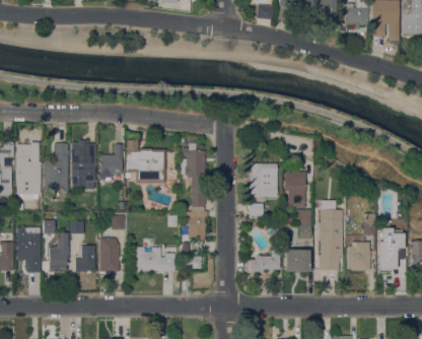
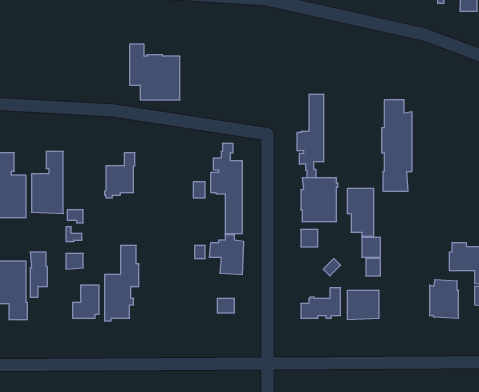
building: none -> [297,94,324,178]
building: [127,140,165,183] -> [130,44,180,100]
building: [70,142,95,186] -> none
building: [319,200,342,270] -> [382,100,412,191]
building: [50,246,69,271] -> none
building: [136,247,174,271] -> none

